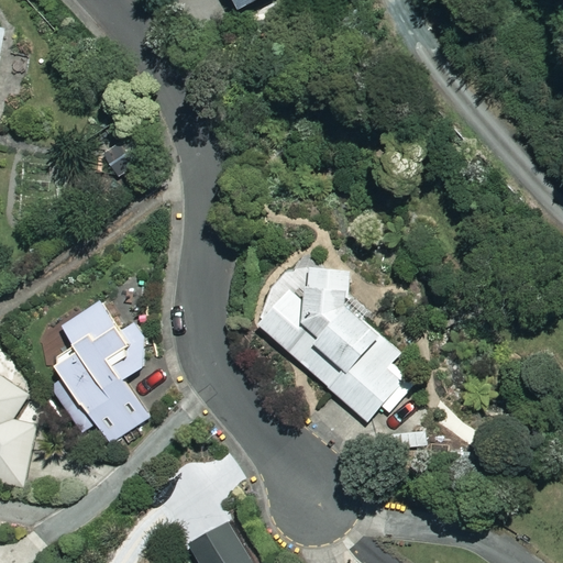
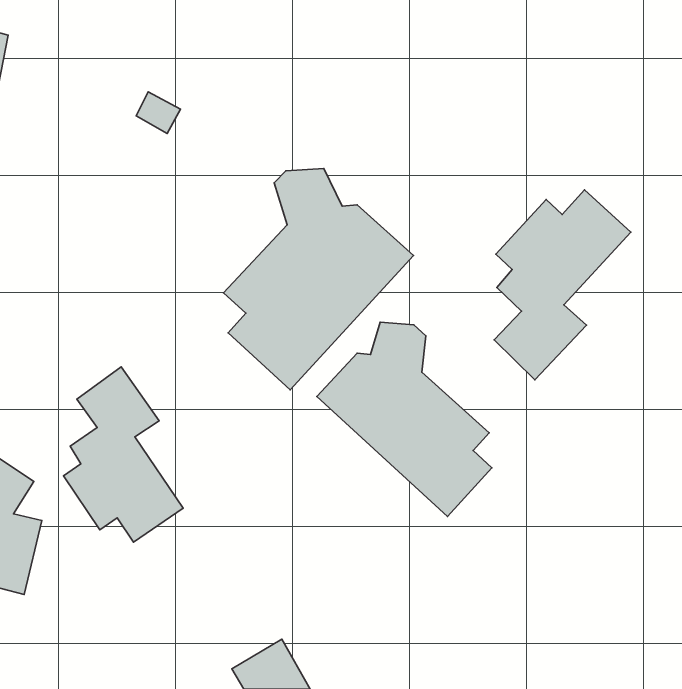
building: none -> [223,169,413,390]
building: none -> [494,190,631,380]

